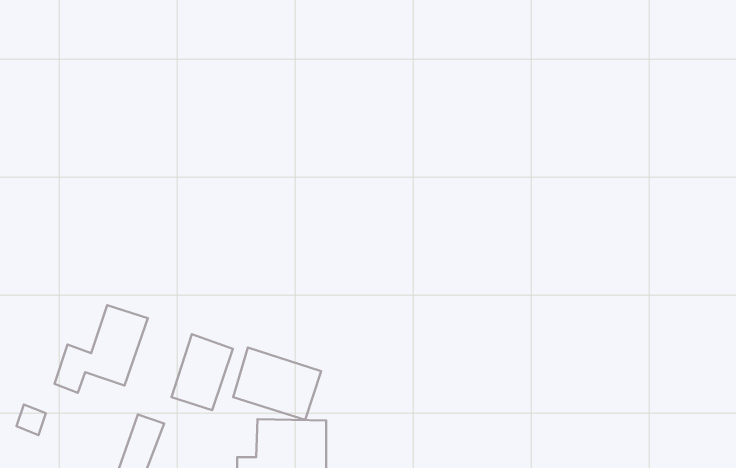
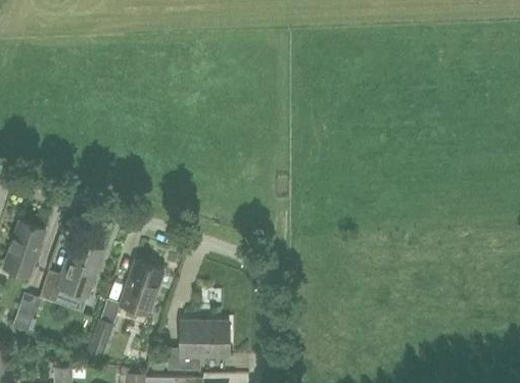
building: none -> [5,223,45,274]
building: [233,347,321,420] -> none

